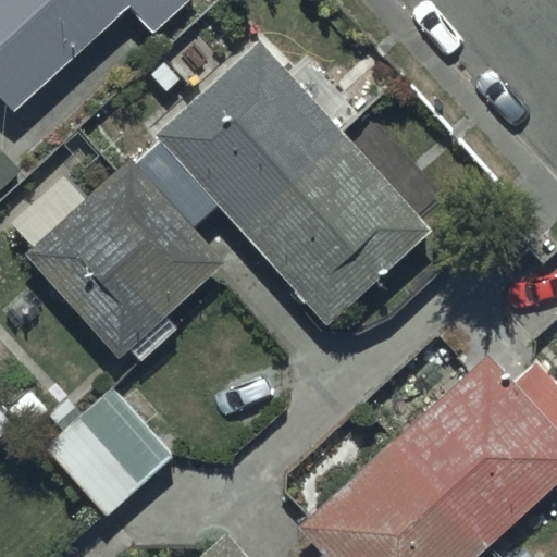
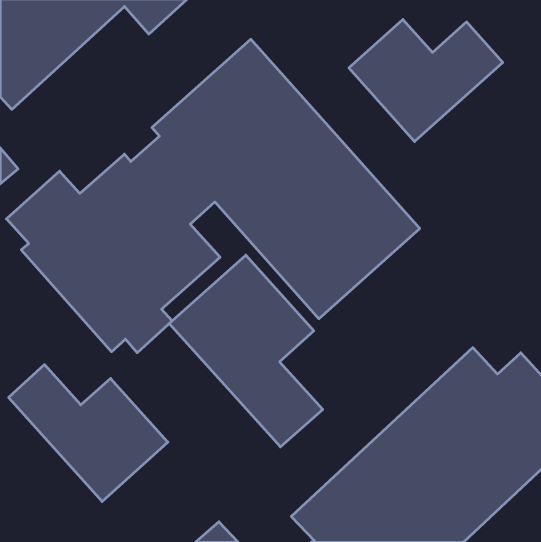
building: none -> [349,19,503,142]
building: none -> [169,255,323,447]

